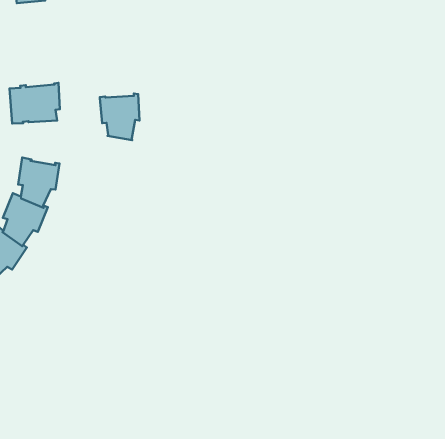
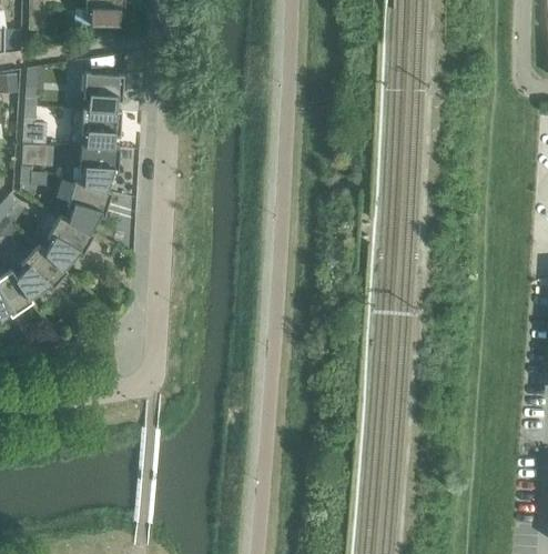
building: none -> [82,73,122,112]
building: [100,94,140,140] -> [78,145,118,193]

